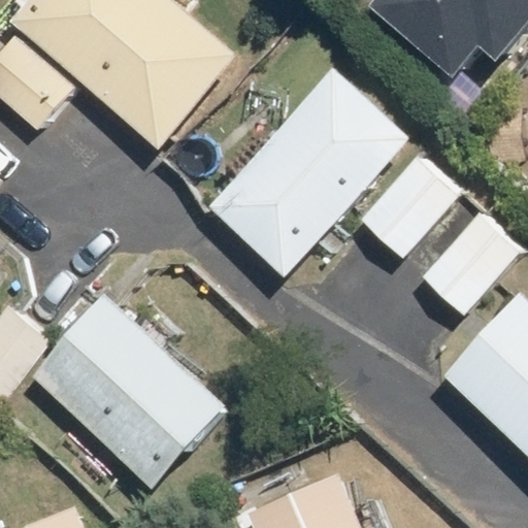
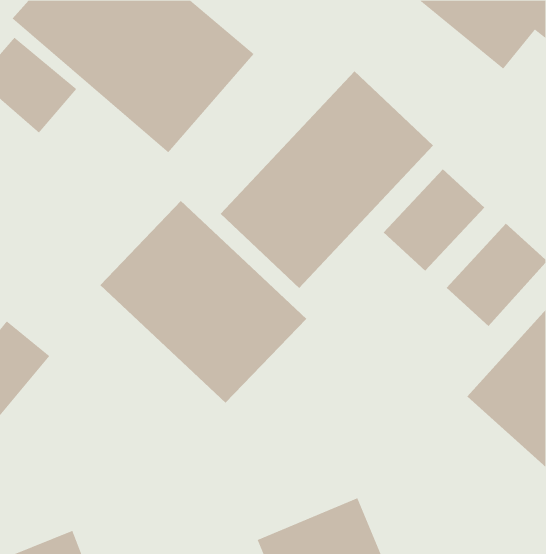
building: [28,291,225,484] -> [99,200,307,403]

